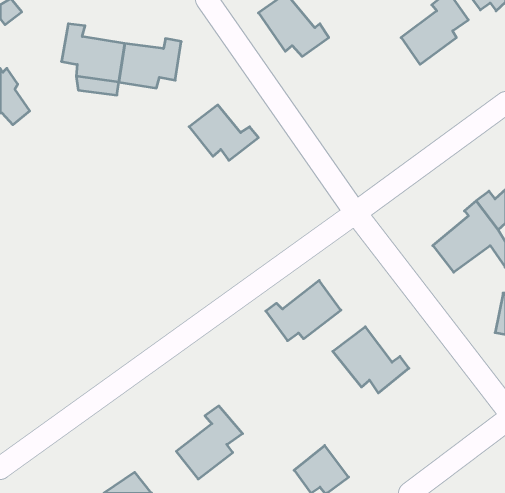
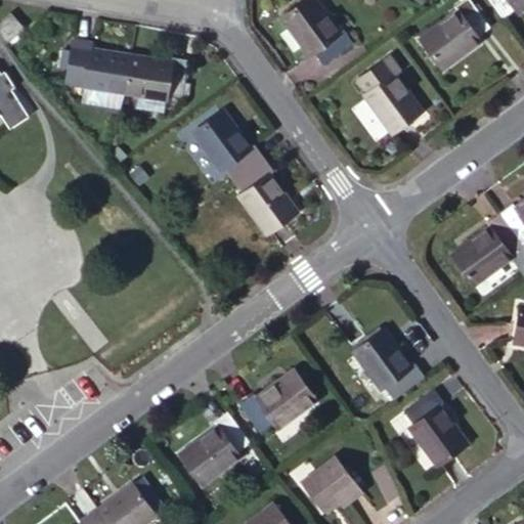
building: none -> [352,54,412,136]
building: none -> [237,142,298,220]
building: [266,280,341,341] -> [242,376,319,438]
building: none -> [404,395,467,473]

